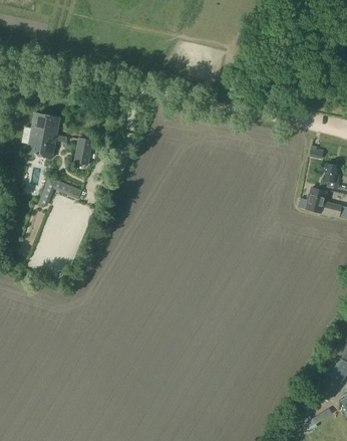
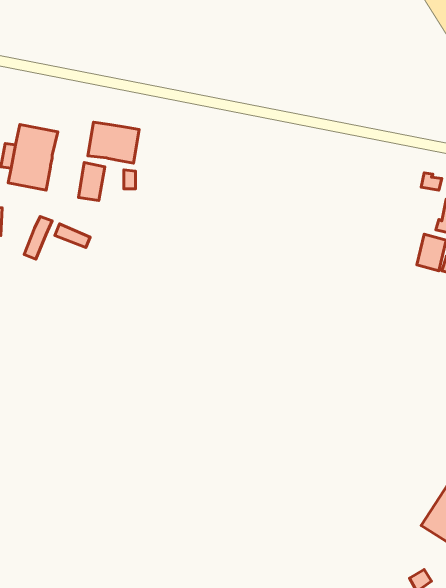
building: none -> [88,122,139,163]

